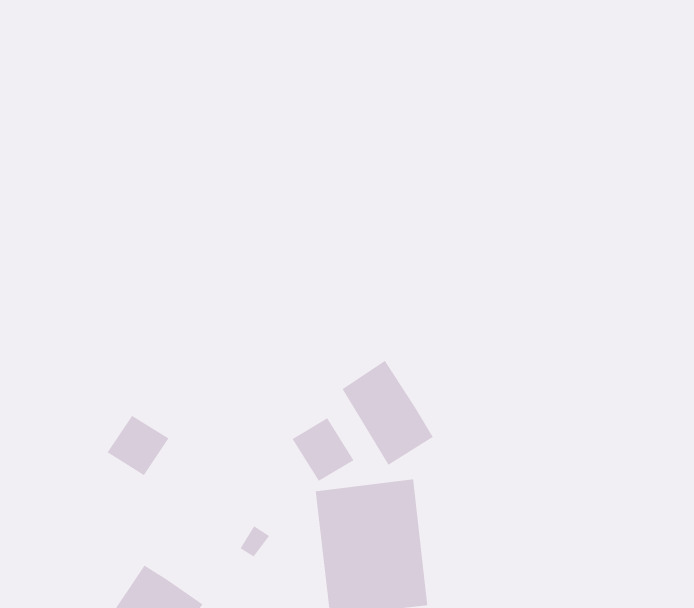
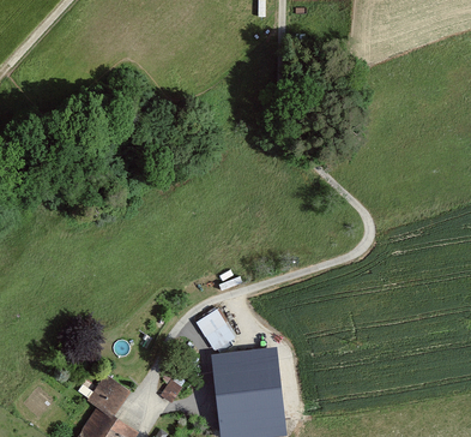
building: [341,360,434,466] -> none
building: [106,415,169,476] -> [87,376,129,417]

